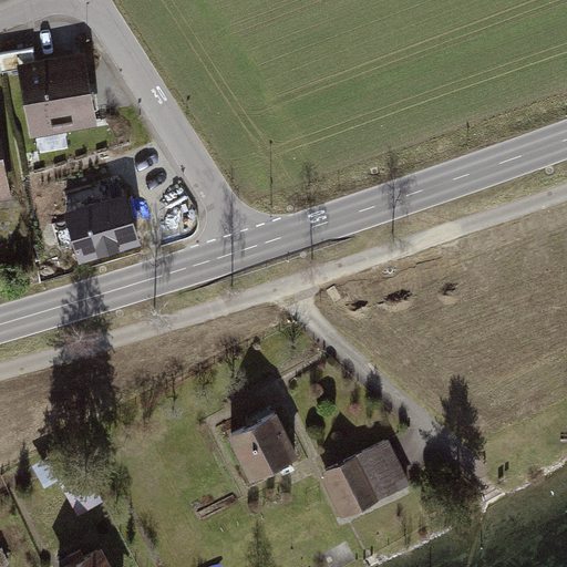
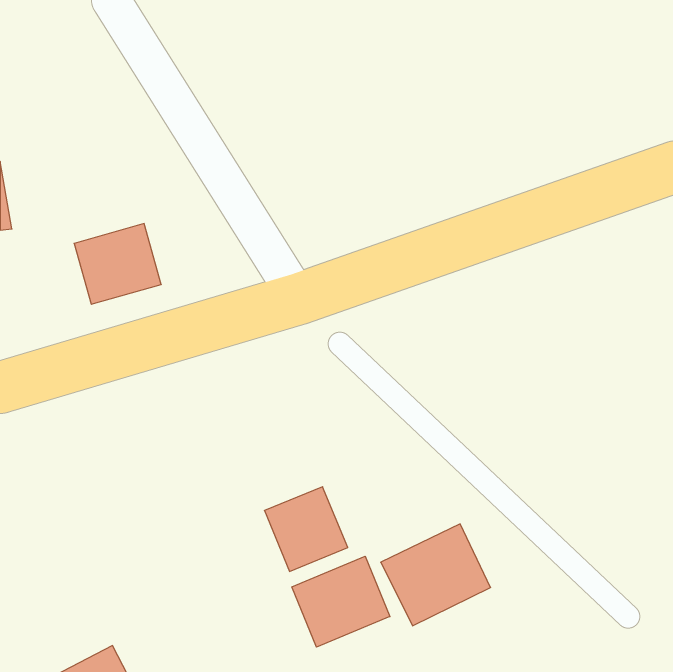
building: [20,56,94,138] -> none
building: none -> [292,556,390,647]

